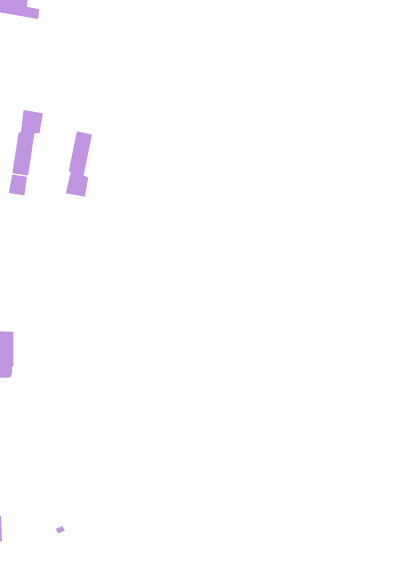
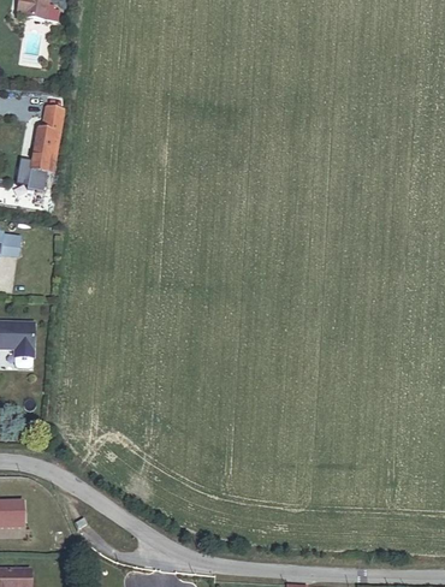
building: [65,131,93,197] -> none

